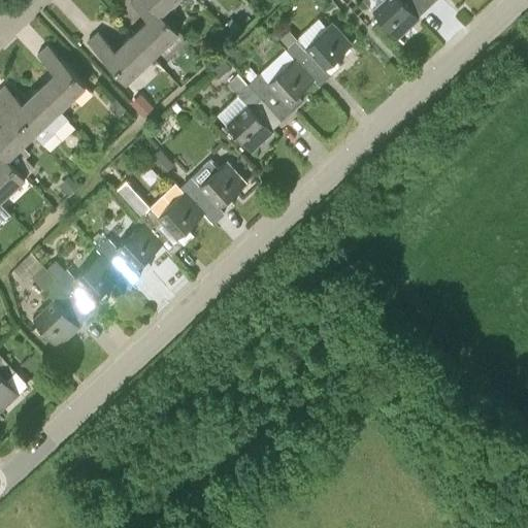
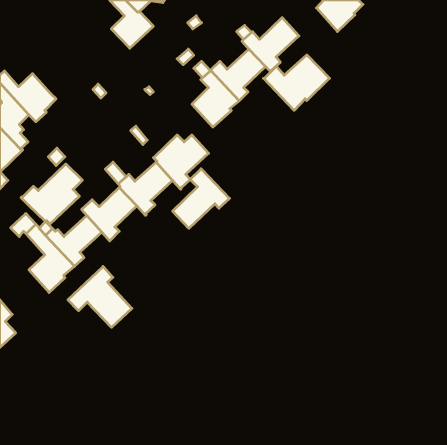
building: [87,34,153,82] -> none
building: [36,46,88,113] -> none
building: none -> [263,55,330,110]
building: none -> [21,164,82,224]
building: none -> [173,169,230,228]
building: none -> [68,266,132,327]

